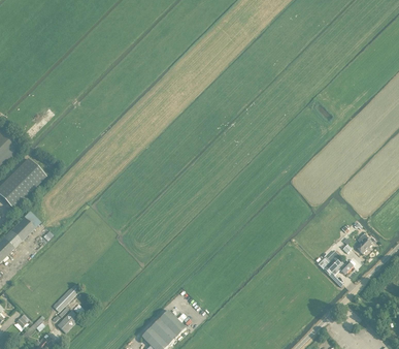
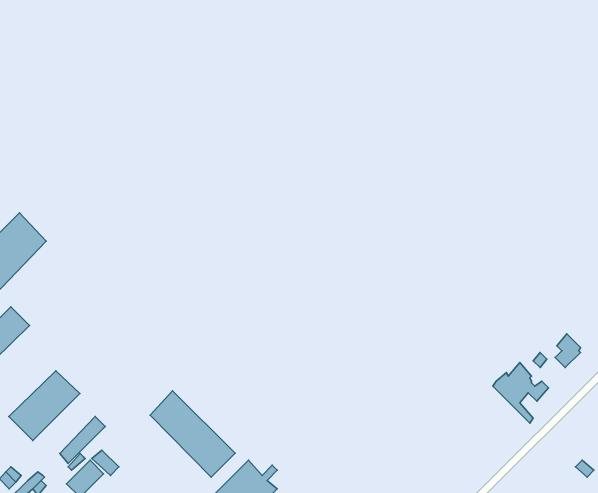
building: none -> [9,371,80,441]
building: none -> [150,391,235,477]

